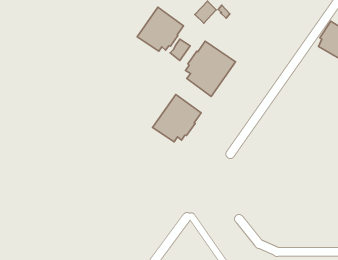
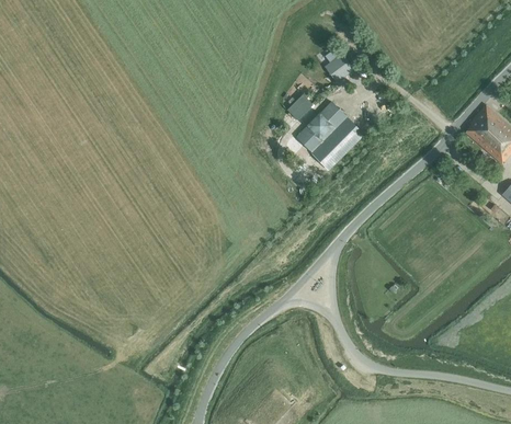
building: [137,7,183,51] -> none
building: [153,94,201,142] -> none

